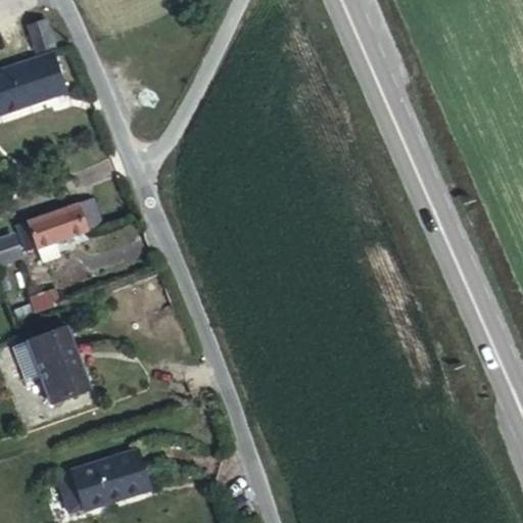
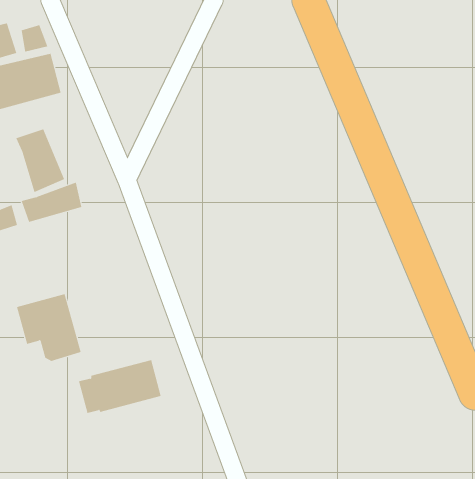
building: none -> [15,128,65,193]
building: [56,453,146,511] -> [78,359,161,413]

